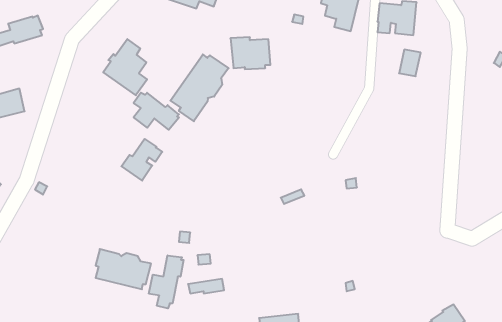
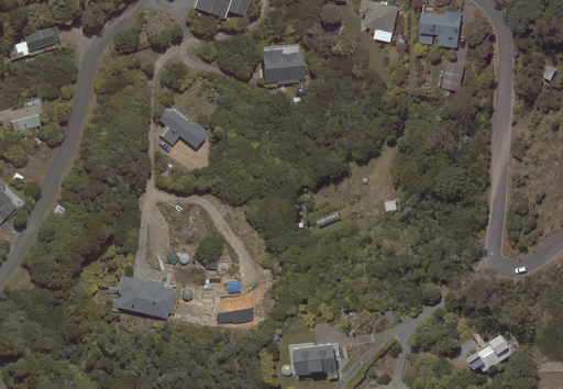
building: [103,39,147,95] -> none
building: [170,54,229,121] -> none
building: [121,139,162,181] -> none
building: [149,255,184,308] -> none

